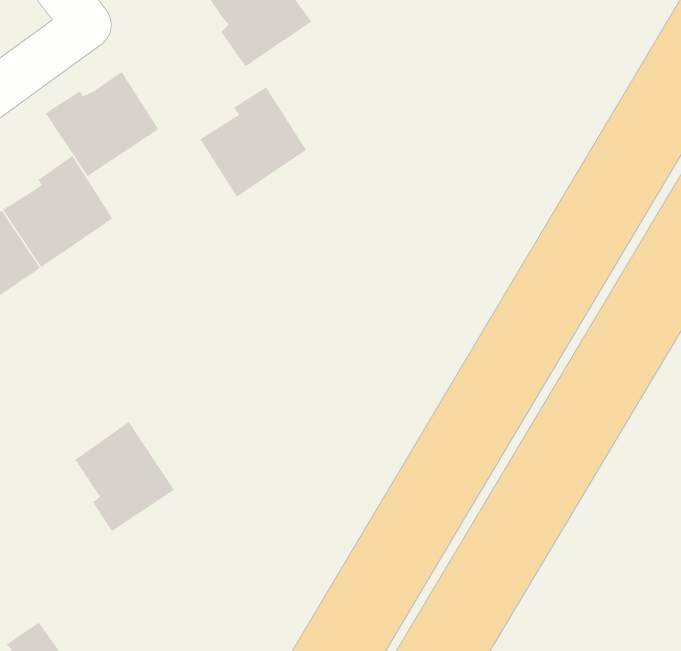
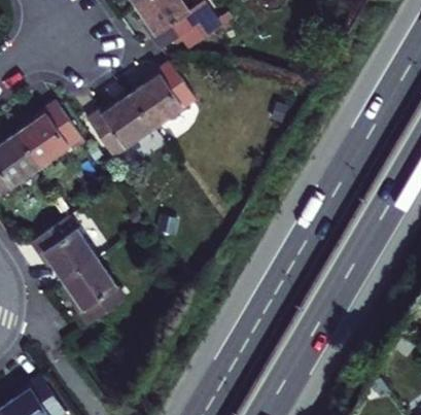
building: [45,71,159,177] -> [90,91,156,152]
building: none -> [31,214,94,278]

